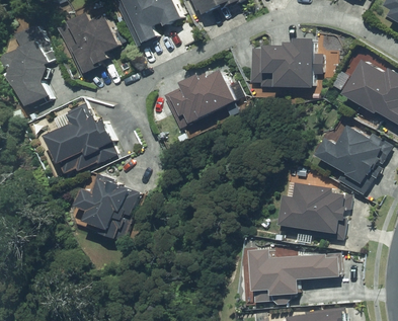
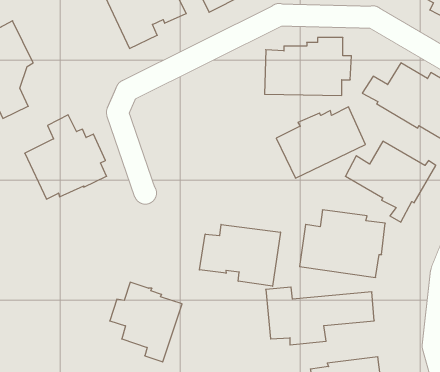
building: [60,13,120,75] -> none
building: [160,70,235,130] -> [276,107,365,178]
building: [76,174,137,241] -> [110,282,182,362]
building: none -> [199,224,280,286]

